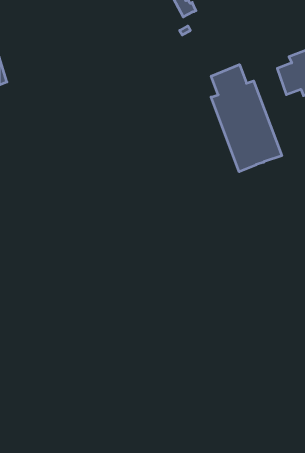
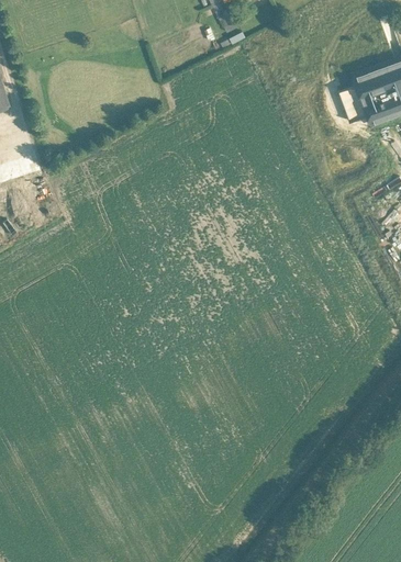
building: [211,65,282,172] -> none

